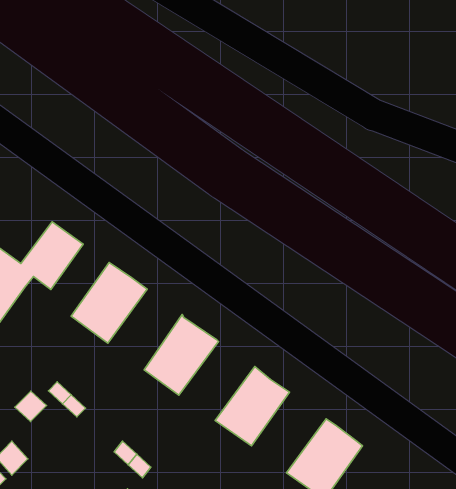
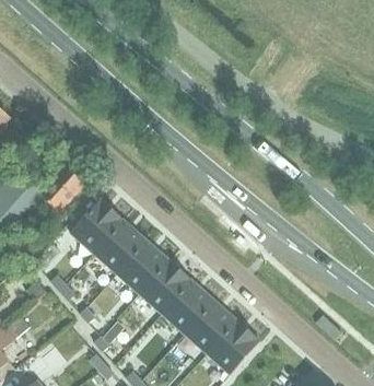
building: none -> [93,219,145,273]
building: none -> [138,259,191,313]
building: none -> [184,299,236,353]

